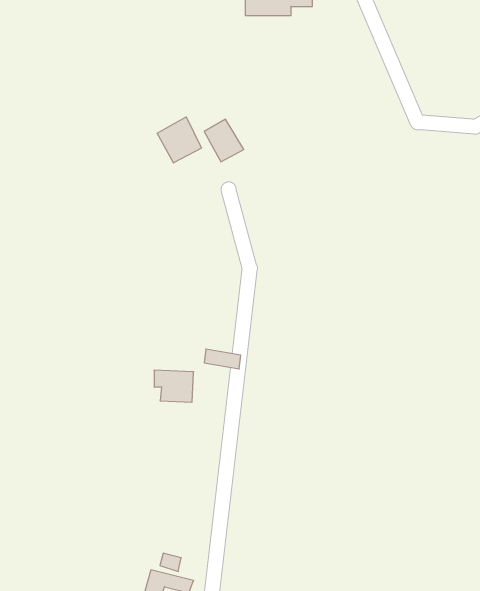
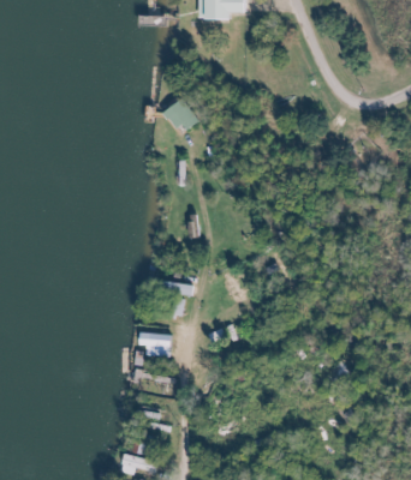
building: [157,117,201,163] -> none
building: [154,370,194,402] -> [139,331,171,356]

